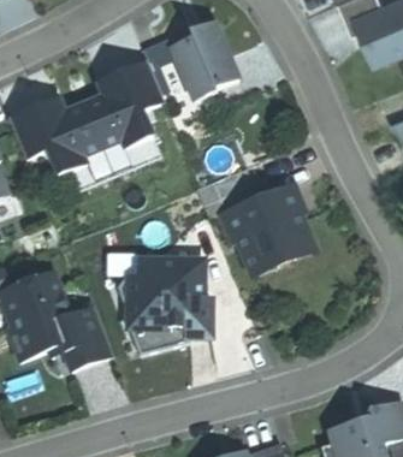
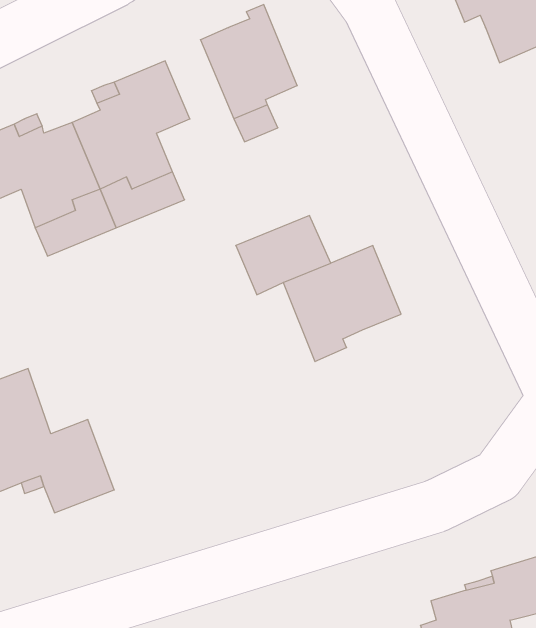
building: [115,259,209,355] -> none

